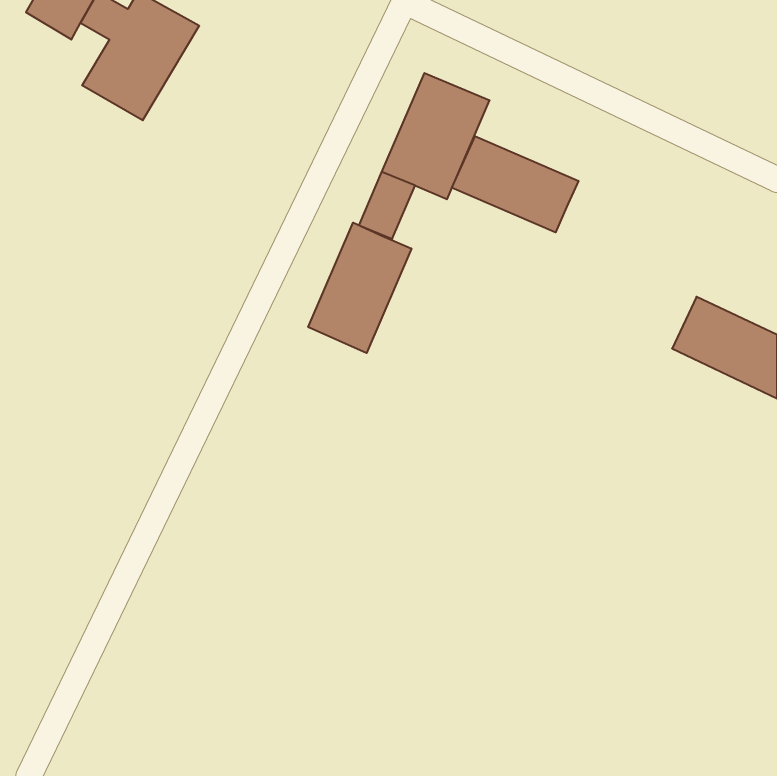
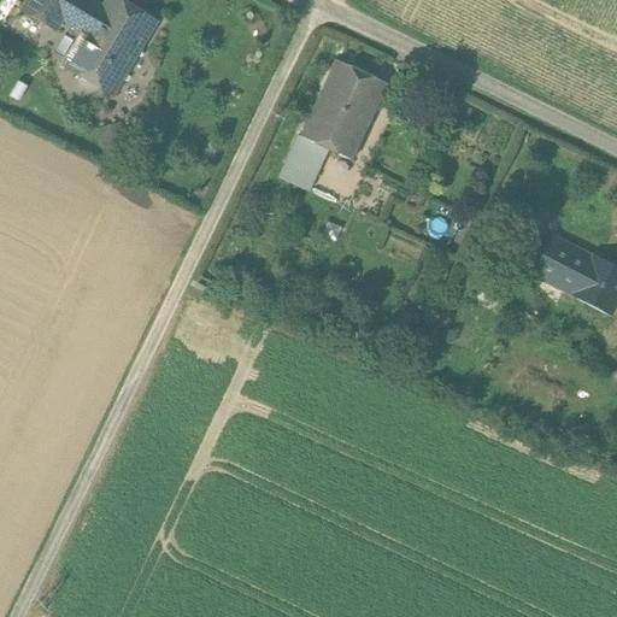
building: [452,136,579,232] -> none
building: [308,223,411,353] -> none

